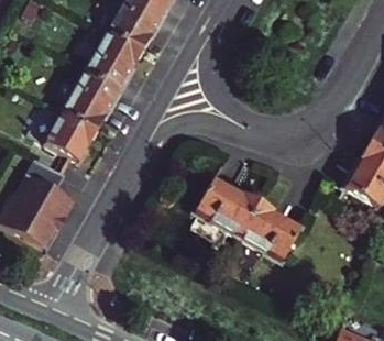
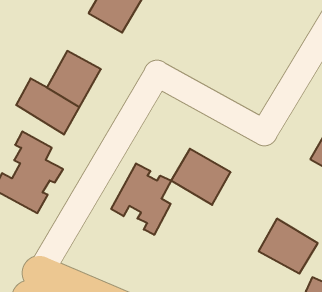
building: [80,32,140,92] -> none
building: none -> [111,163,171,235]
building: [237,204,300,263] -> [259,219,318,274]

